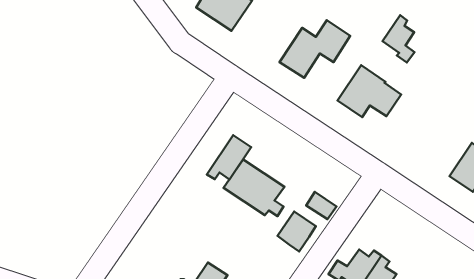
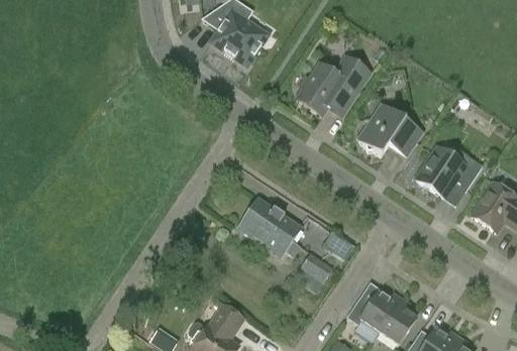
building: [382,15,414,63] -> none
building: none -> [415,145,482,196]
building: [207,135,251,179] -> none

